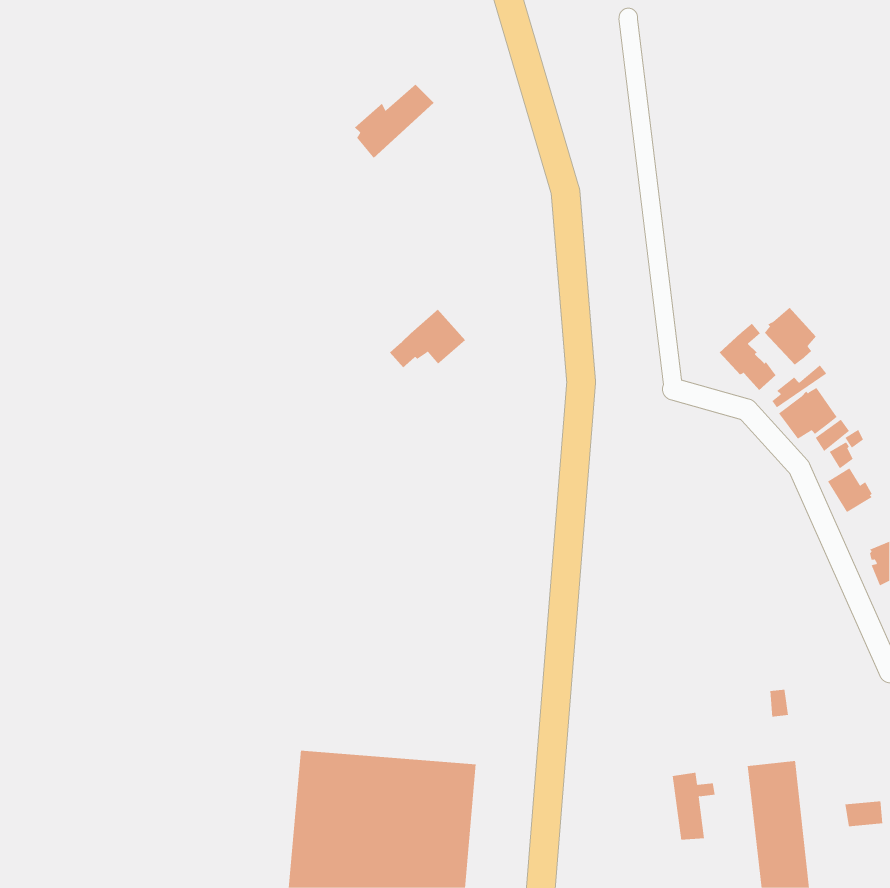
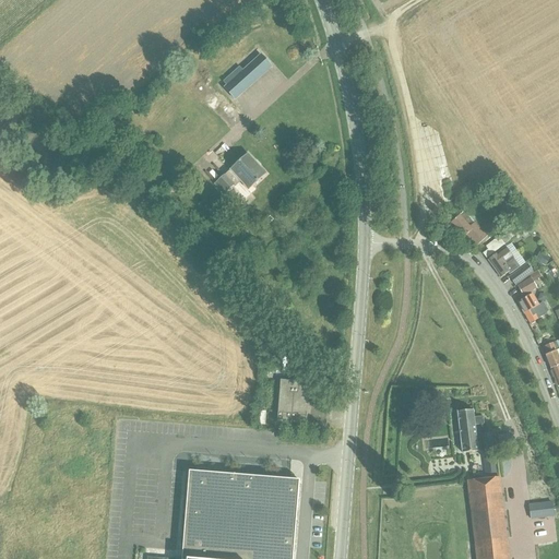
building: [764,307,817,366] -> none
building: [389,309,466,368] -> [216,153,264,190]
building: none -> [276,378,309,421]
building: [672,772,715,840] -> [456,408,484,451]

